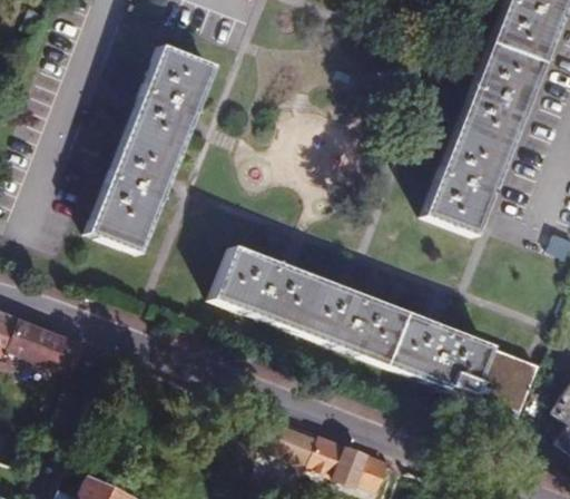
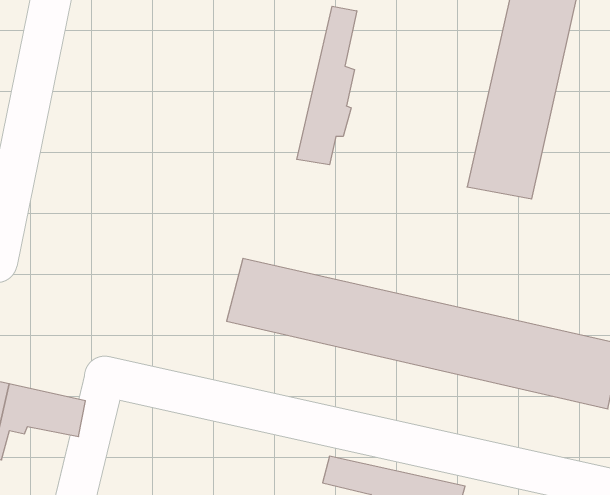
building: [89,46,213,252] -> none
building: none -> [297,6,357,165]

